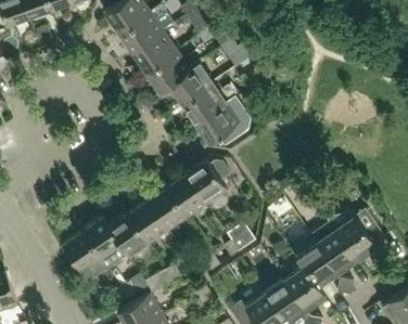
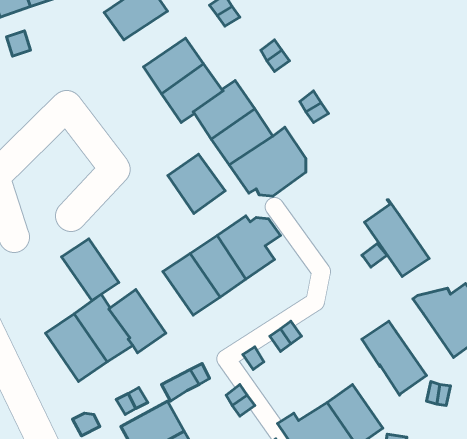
building: [119,12,164,52] -> none
building: none -> [168,154,225,213]
building: [128,199,169,244] -> [62,239,119,300]
building: [310,219,357,274] -> [364,200,429,276]
building: [284,267,327,312] -> none

